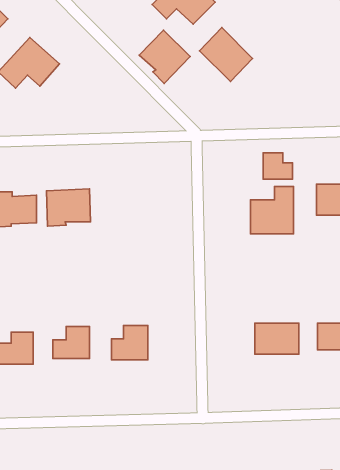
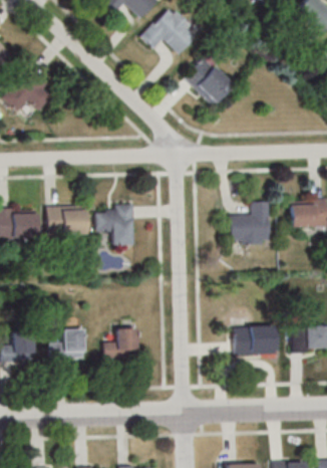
building: [139,30,190,83] -> none
building: [263,153,293,179] -> none
building: none -> [96,205,134,244]

